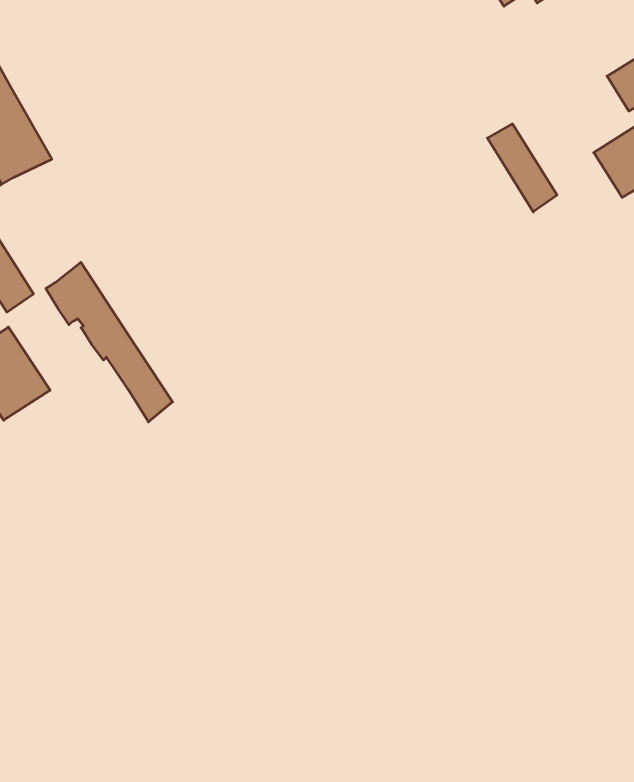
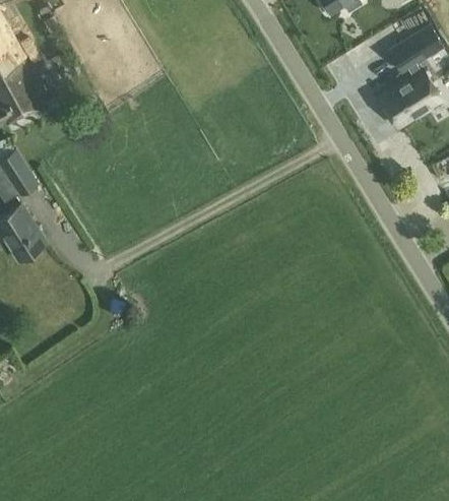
building: [487,124,557,212] -> none
building: [46,262,173,422] -> none

